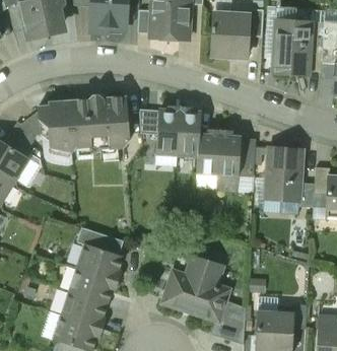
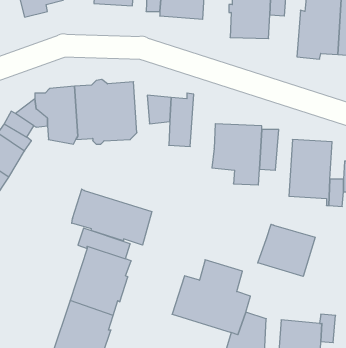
building: [177,107,200,155] -> none
building: none -> [72,189,152,245]
building: none -> [258,224,315,276]

